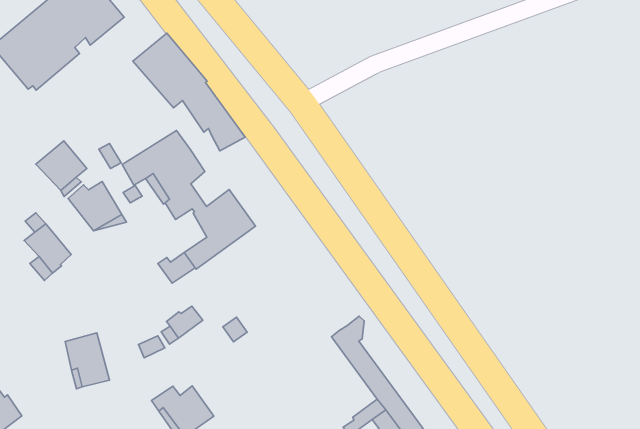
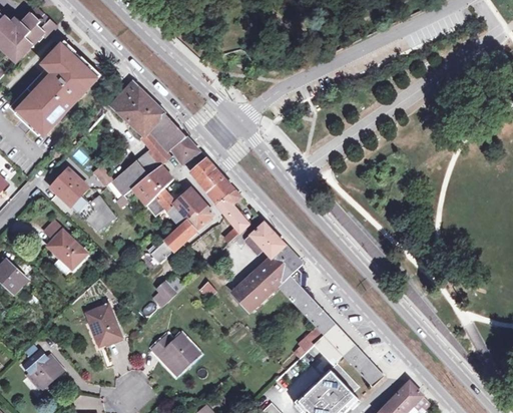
building: none -> [141,129,174,164]
building: none -> [191,158,248,243]
building: none -> [231,223,302,311]

